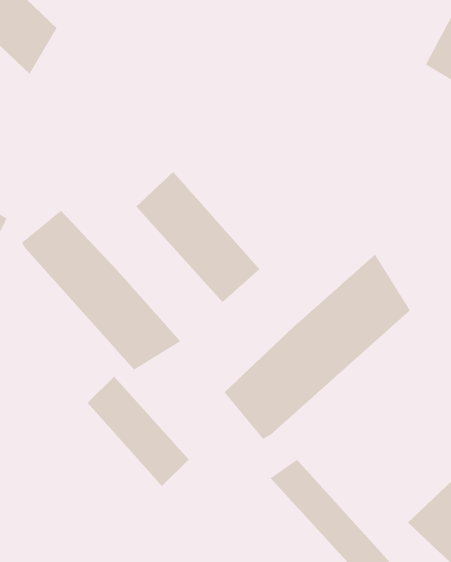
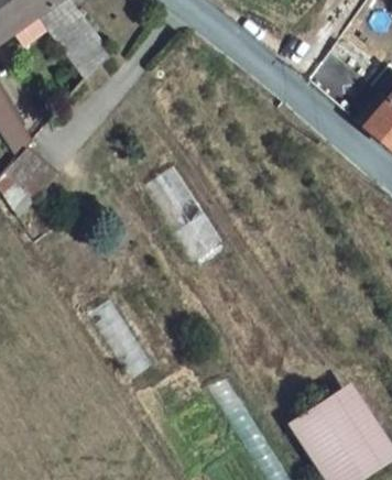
building: [21,210,181,370] -> none
building: [224,254,411,440] -> none

